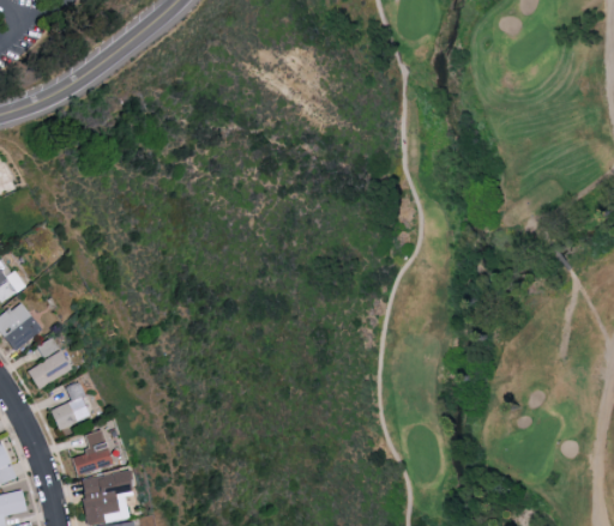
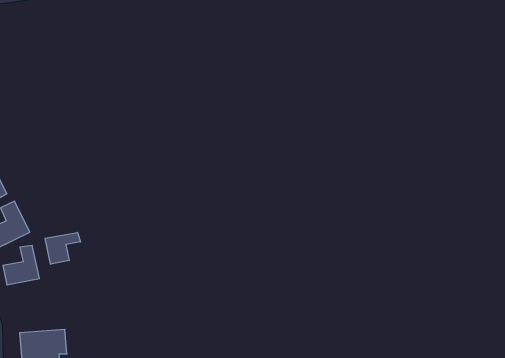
building: none -> [45,232,80,264]
building: [71,429,112,474] -> none

